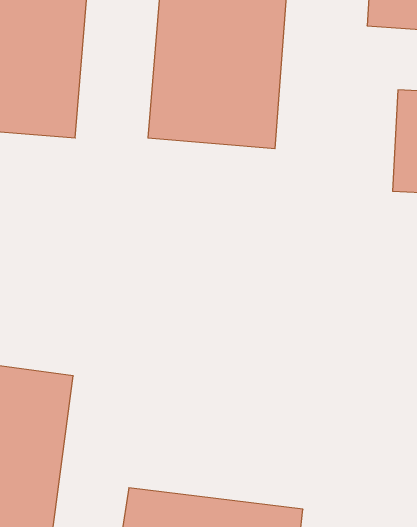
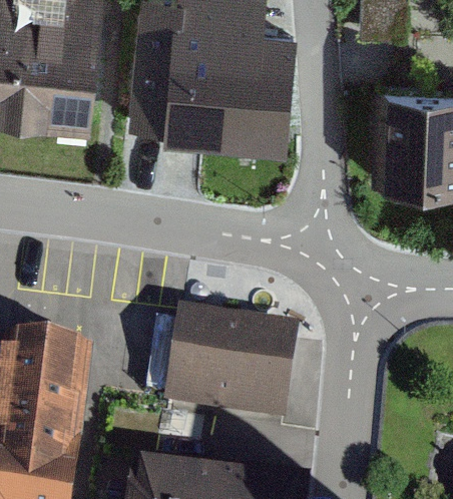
building: none -> [166,308,295,418]

